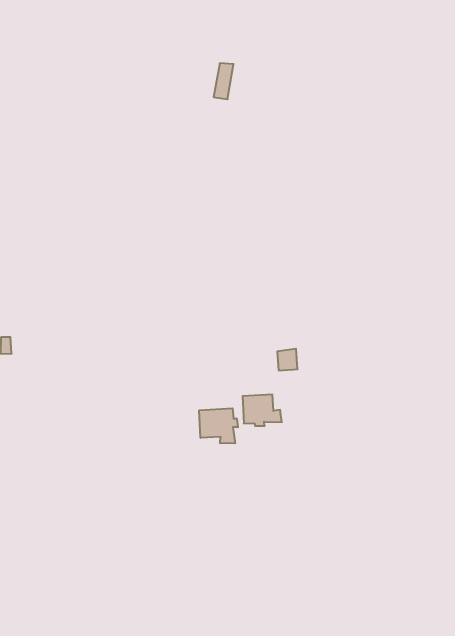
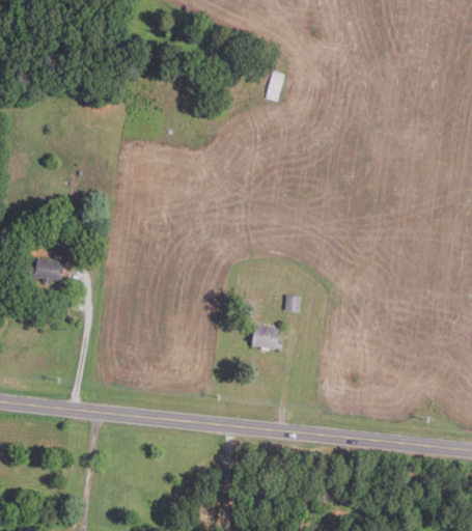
building: [199,408,238,443] -> none

